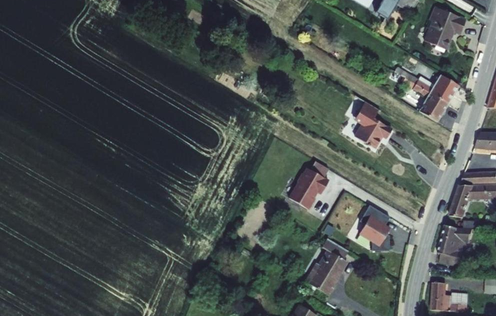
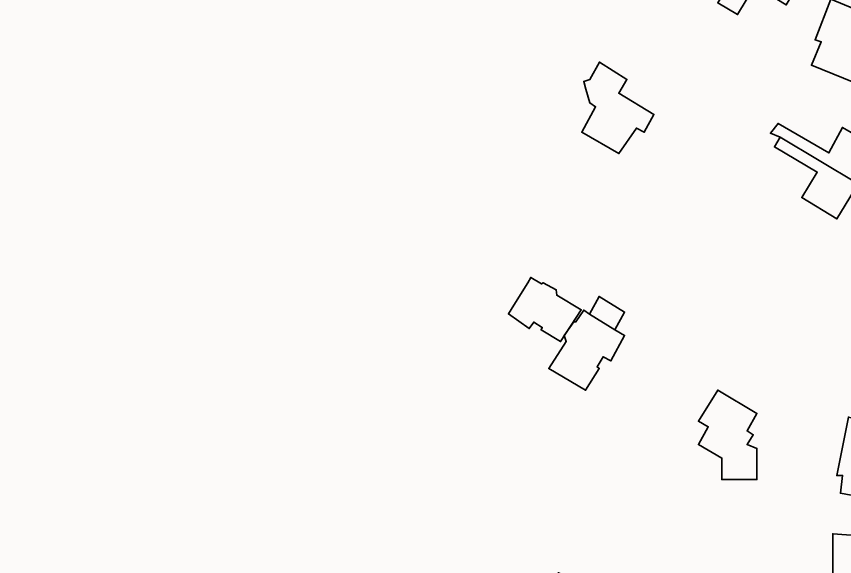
building: [355,101,392,148] -> [582,62,654,153]
building: none -> [508,278,581,341]
building: [304,237,347,296] -> none

